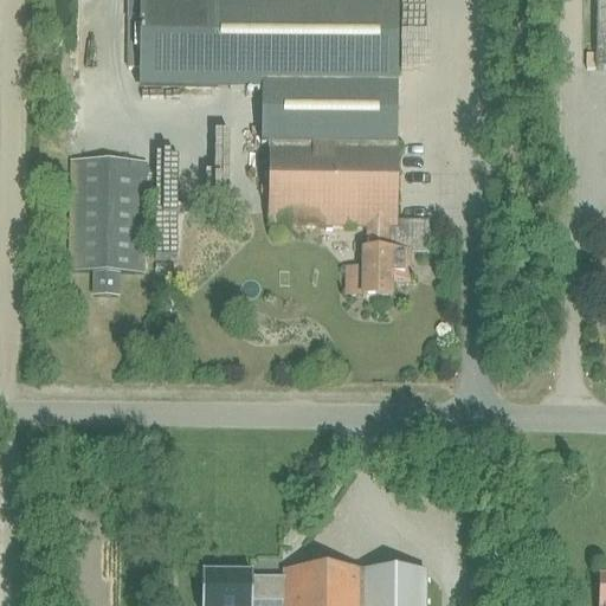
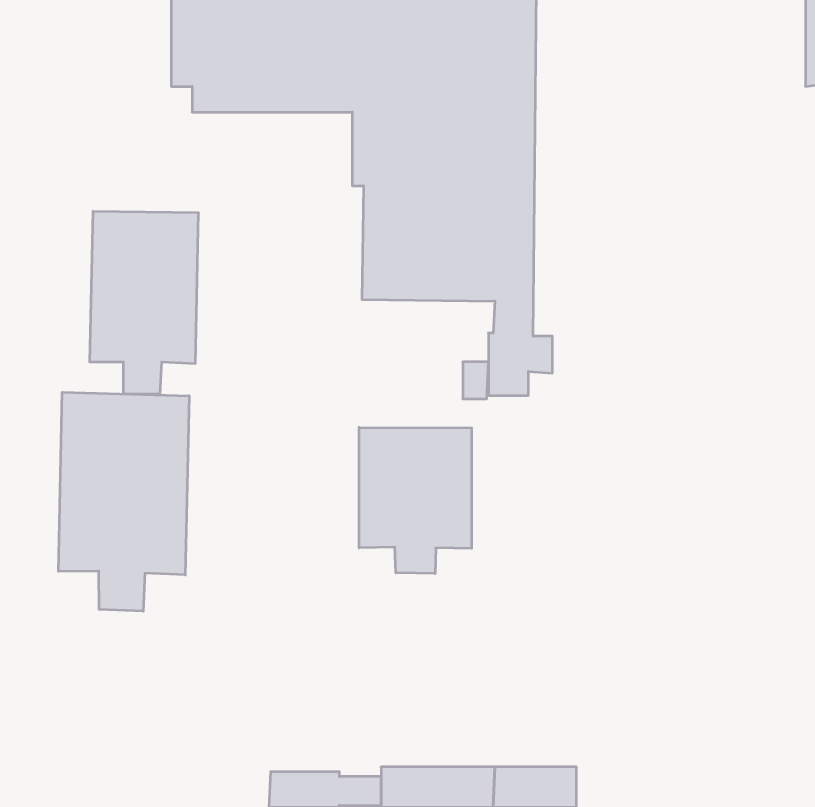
building: none -> [58,392,189,611]
building: none -> [359,427,472,574]

